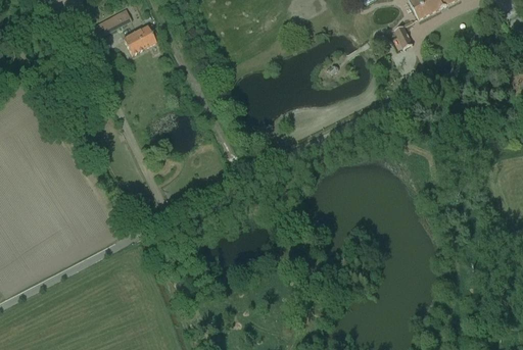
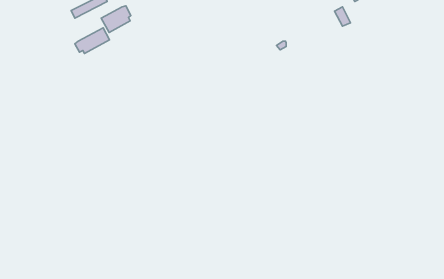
building: none -> [75,28,110,53]

